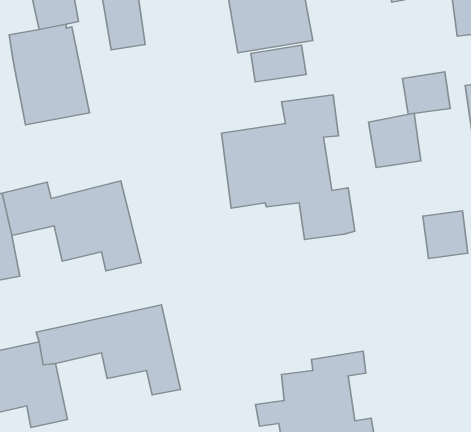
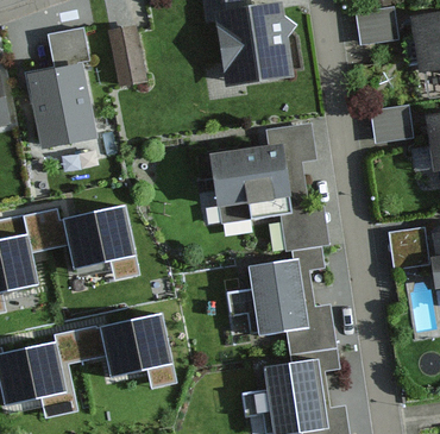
building: [251,45,306,82] -> none
building: [369,113,421,167] -> none
building: none -> [226,246,337,356]

